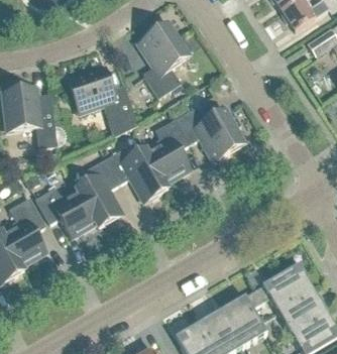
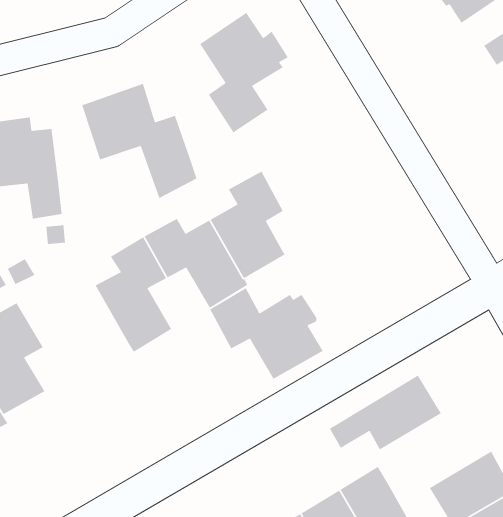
building: [176,105,244,160] -> [209,287,324,380]
building: [35,187,96,236] -> none
building: [245,262,313,308] -> [329,375,442,450]

